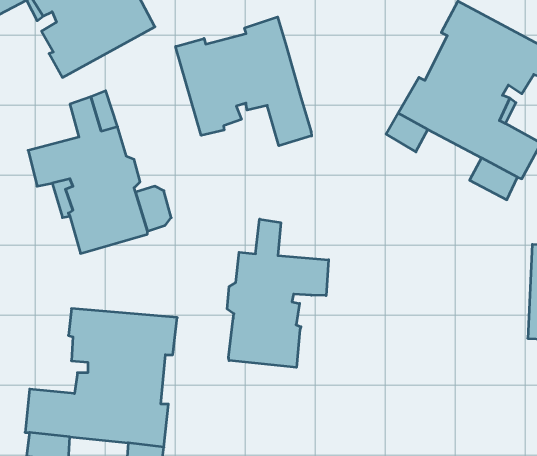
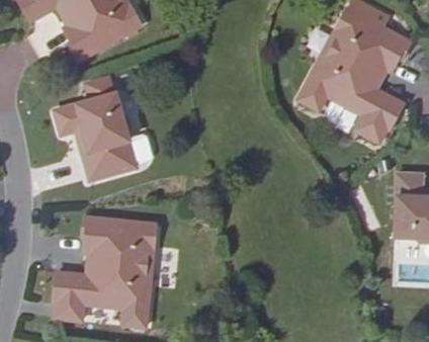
building: [176,17,312,146] -> none
building: [227,219,329,367] -> none

